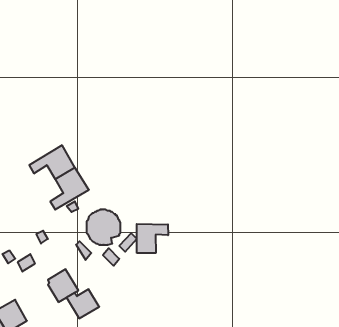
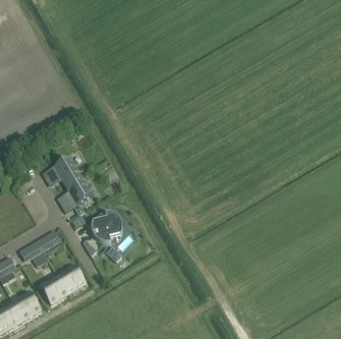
building: [137,224,168,253] -> none
building: [66,289,99,318] -> [40,278,68,303]

